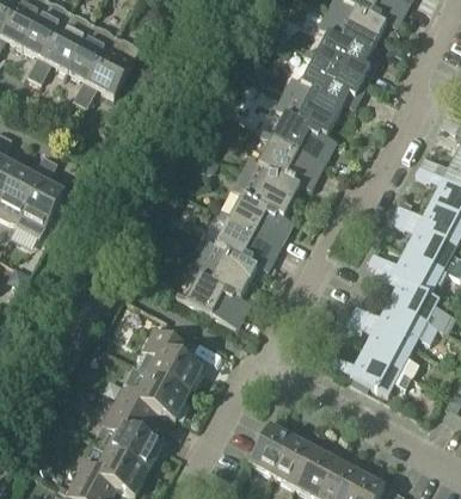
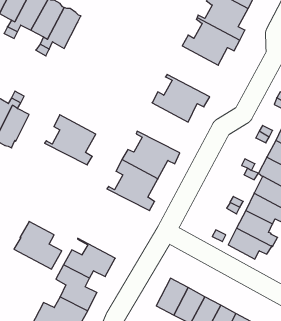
building: [263,92,336,165] -> none
building: [220,173,293,245] -> [45,115,96,165]
building: [135,327,203,395] -> [14,221,62,269]

